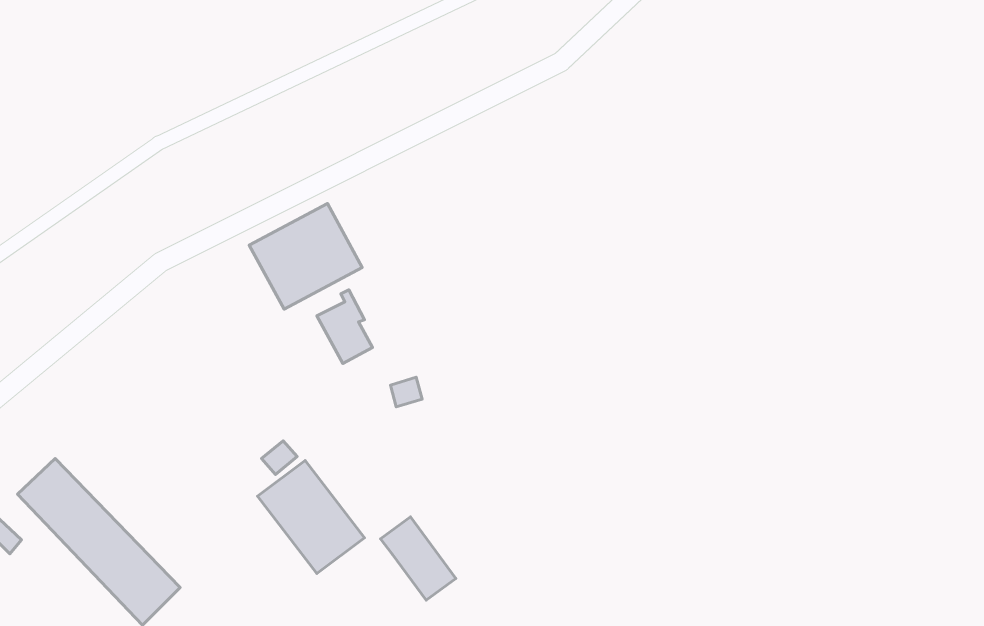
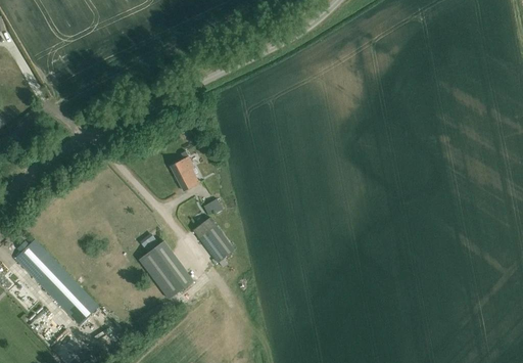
building: [249,203,362,309] -> none
building: [381,517,456,600] -> [194,217,233,260]

